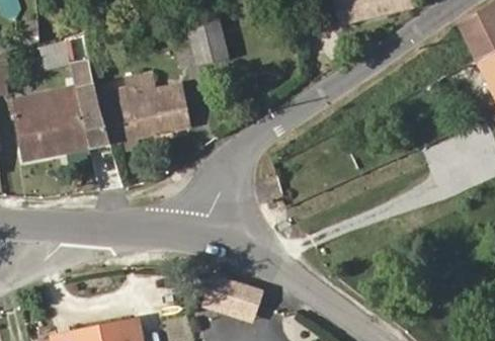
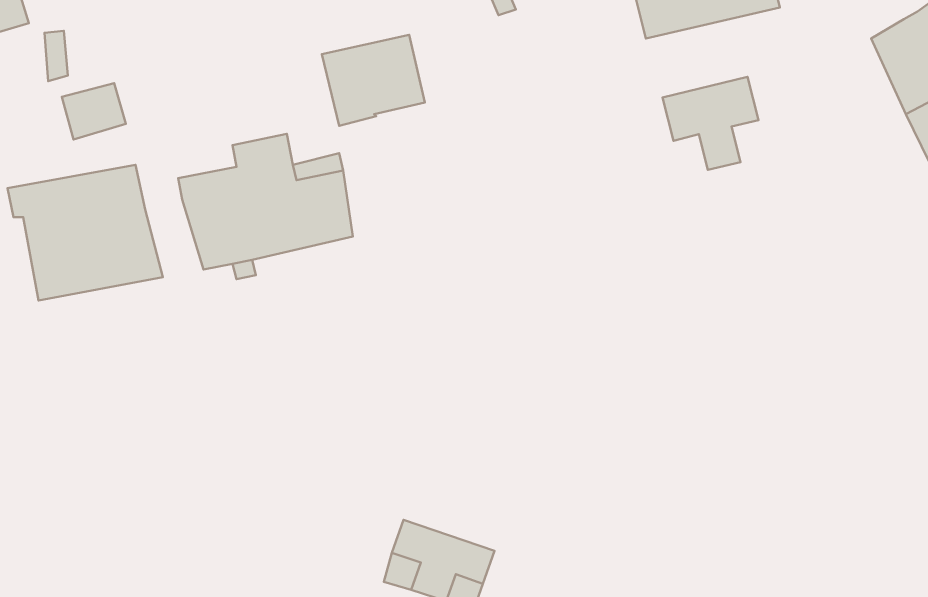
building: none -> [662,77,759,170]
building: [72,66,110,147] -> none

